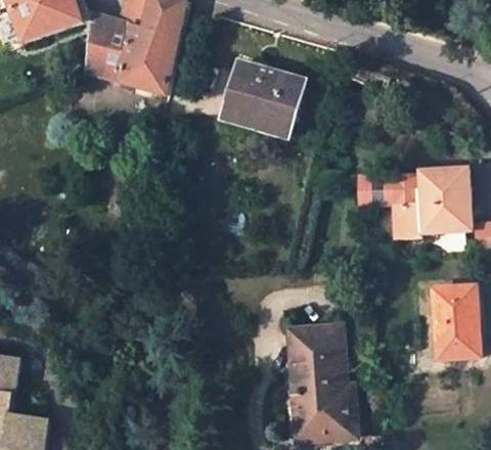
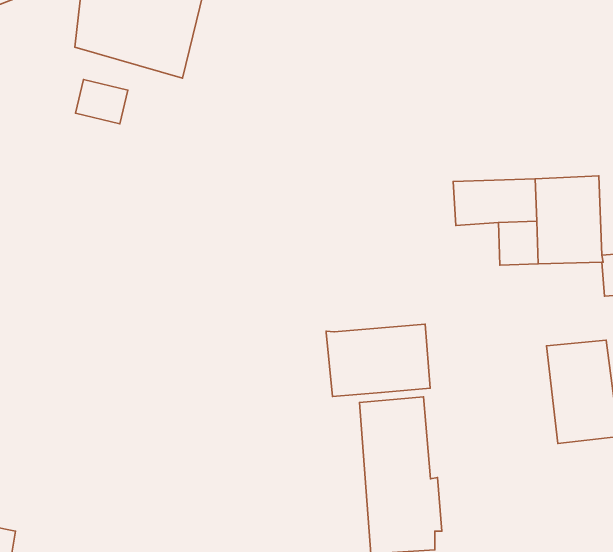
building: [219,58,300,136] -> none
building: none -> [75,79,128,124]
building: none -> [326,324,430,396]

